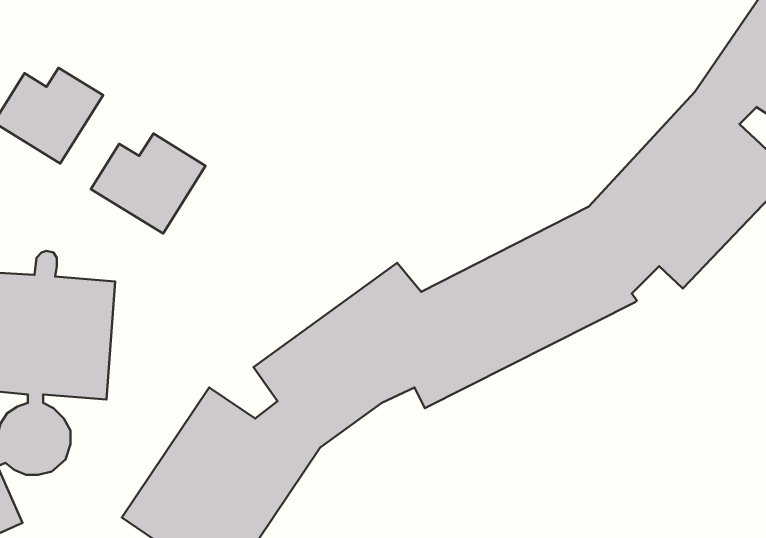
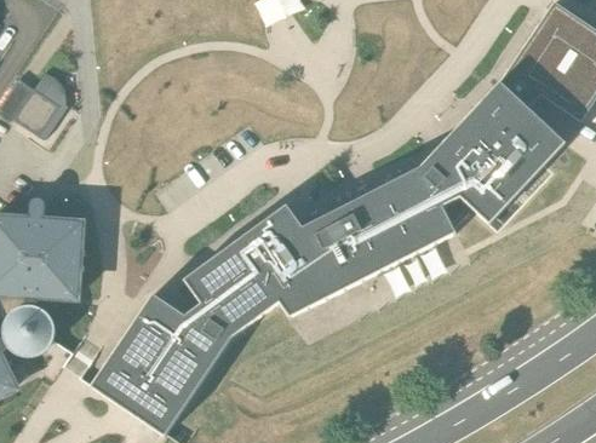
building: [91,133,205,233] -> none

